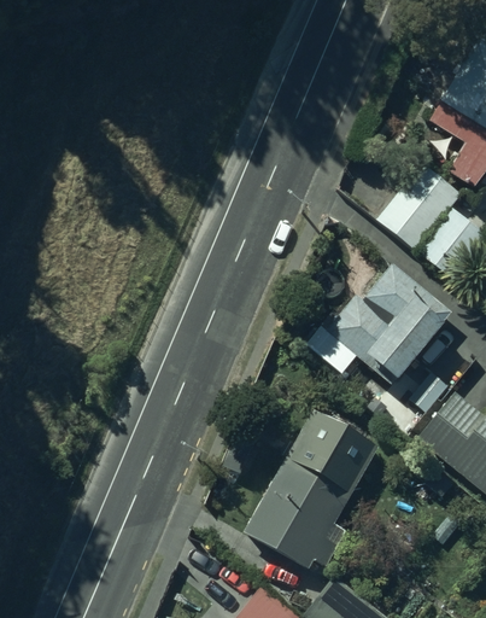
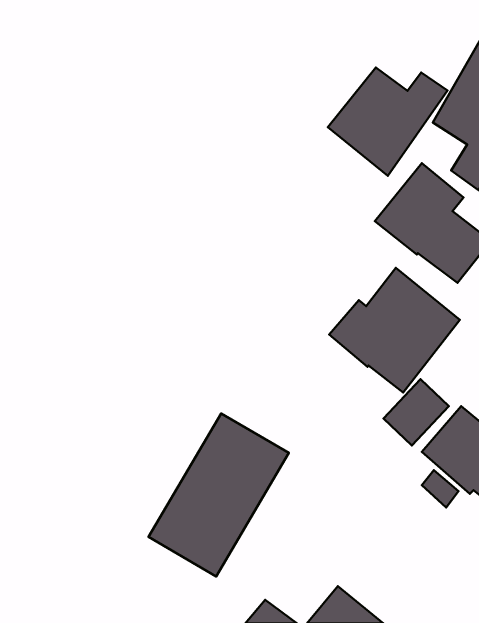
building: none -> [328,67,448,176]
building: [247,410,385,570] -> [148,413,289,576]

